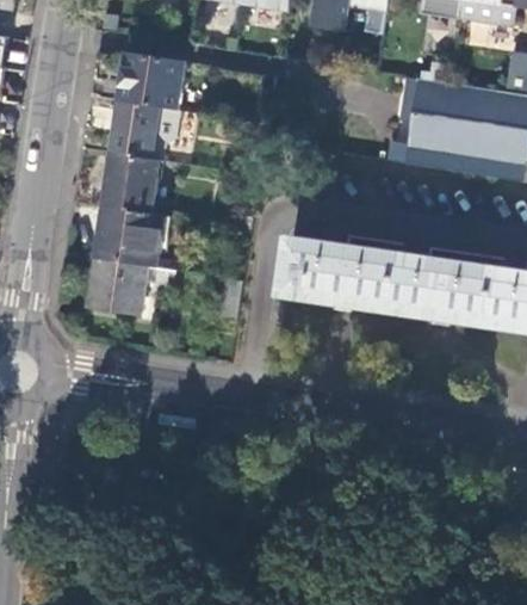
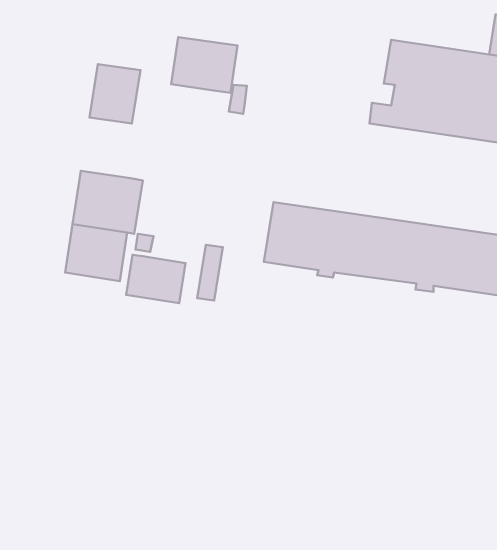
building: [118,54,184,109] -> [171,37,238,93]
building: [101,153,159,212] -> none
building: none -> [126,255,185,303]

